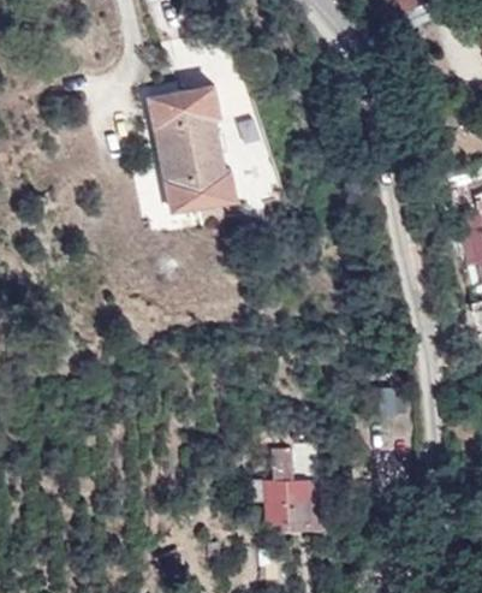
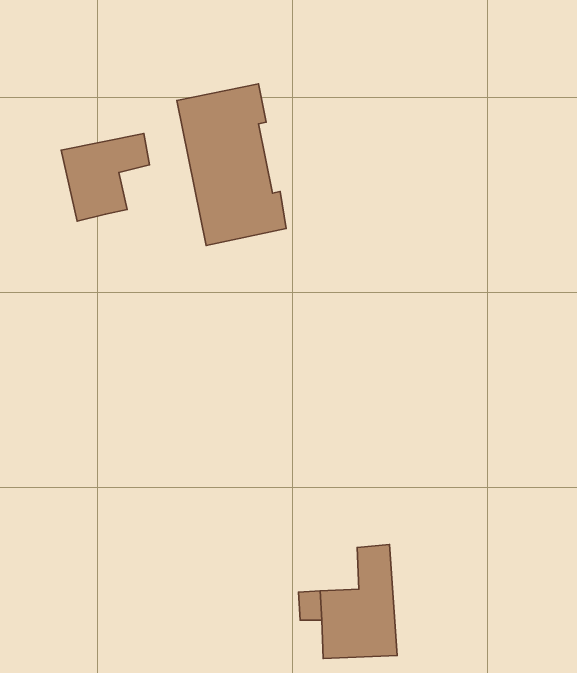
building: none -> [61,134,149,221]

